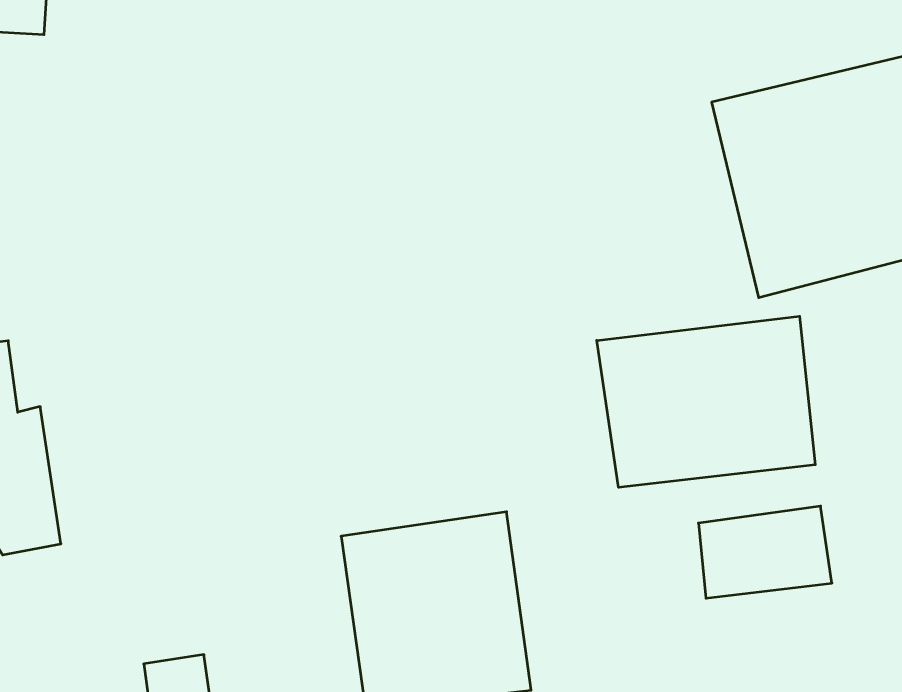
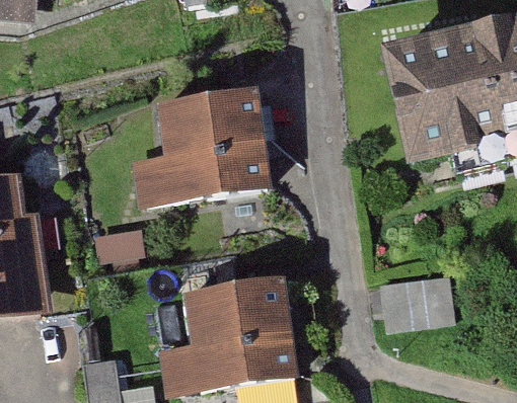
building: none -> [165,92,269,198]
building: [597,316,815,487] -> none

